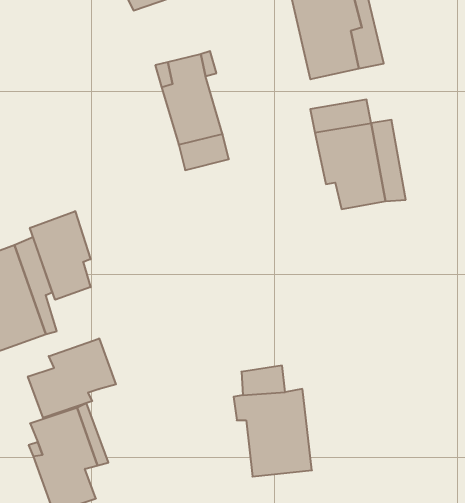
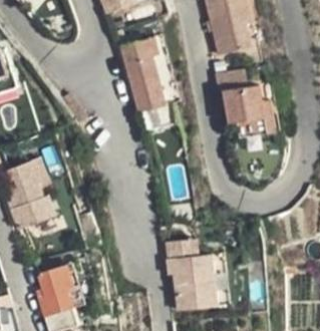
building: [30,211,91,300] -> none
building: [28,338,116,418] -> none

